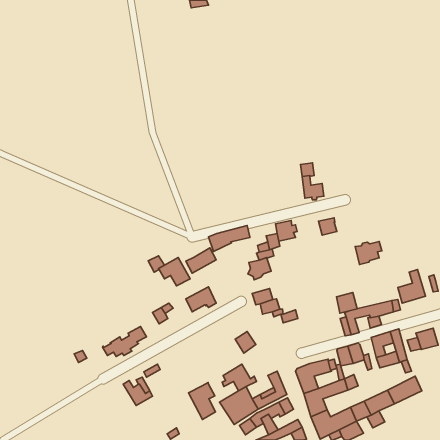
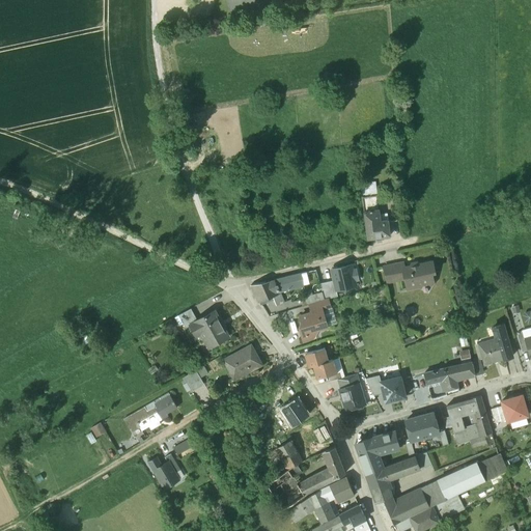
building: [355,241,382,265] -> [402,261,435,289]
building: [186,248,216,273] -> none
building: [336,292,357,313] -> [381,376,406,401]
building: none -> [340,384,365,410]
building: [188,383,215,420] -> none

